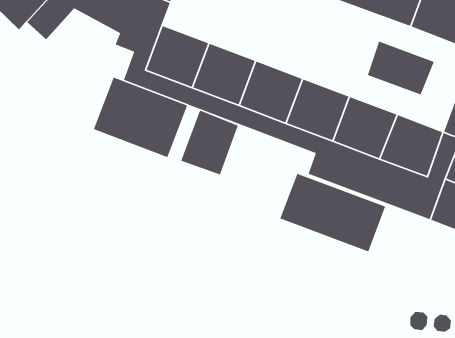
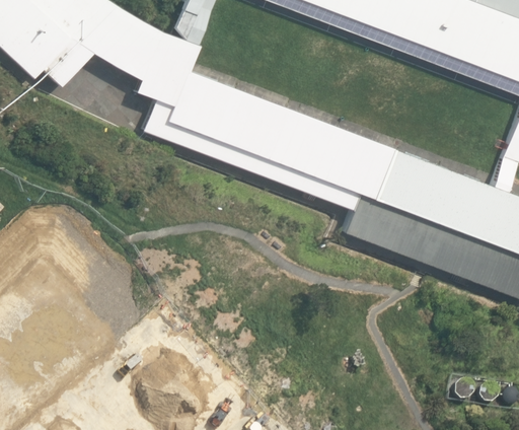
building: [367,40,435,95] -> none
building: [93,77,188,158] -> none
building: [180,110,239,175] -> none
building: [279,173,386,252] -> none

